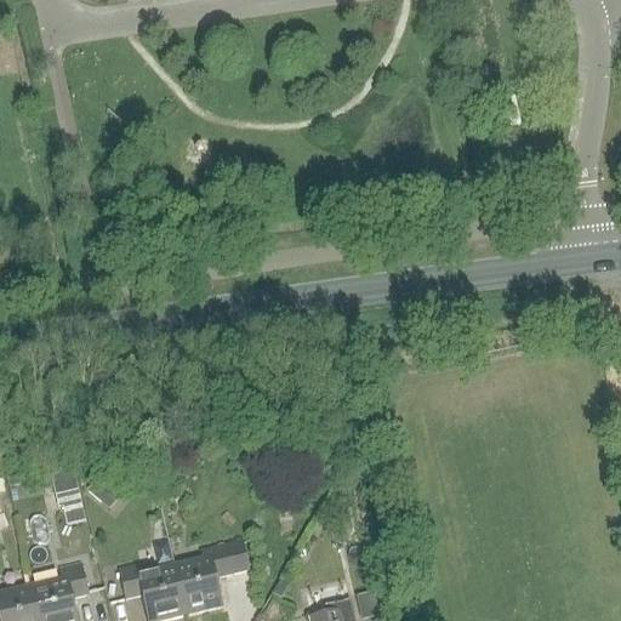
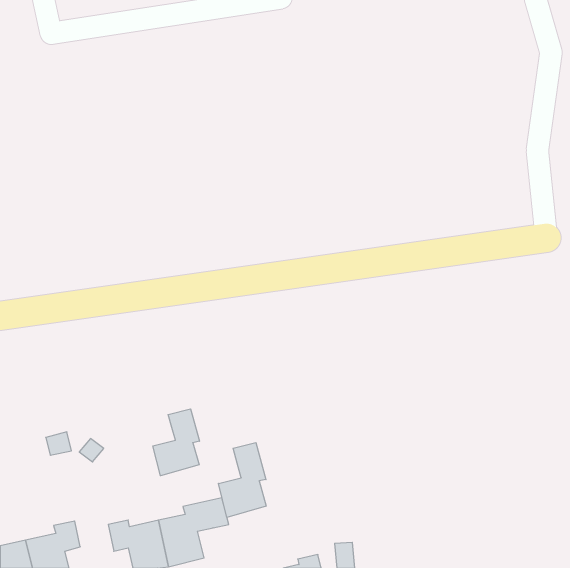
building: none -> [153,409,199,476]
building: none -> [218,443,266,518]

